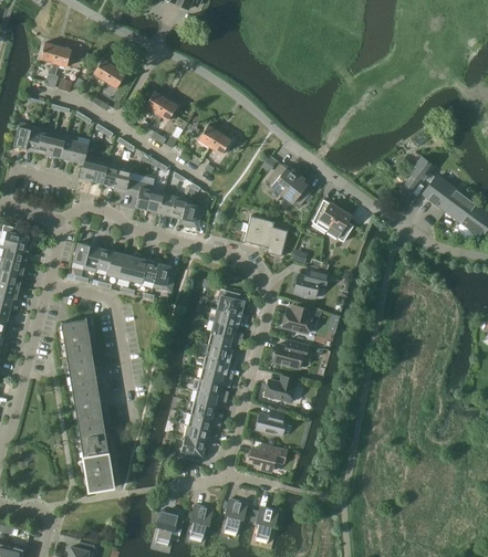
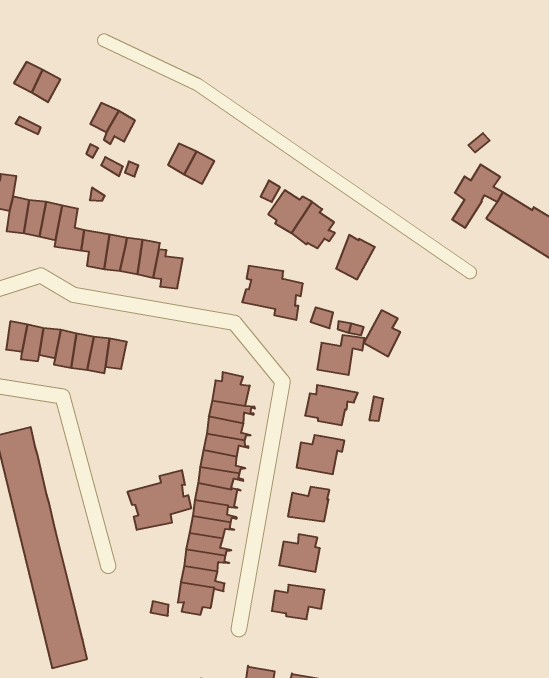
building: [326,209,353,242] -> [364,310,400,356]
building: [153,263,177,292] -> none
building: none -> [128,470,191,530]

